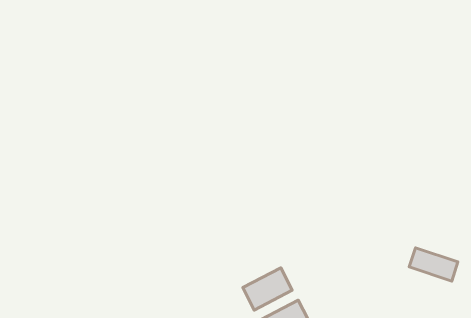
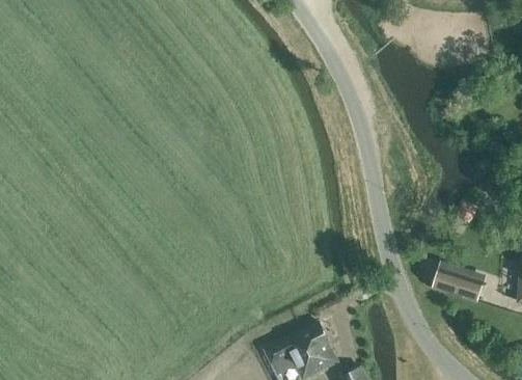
building: [243,268,292,310] -> none

